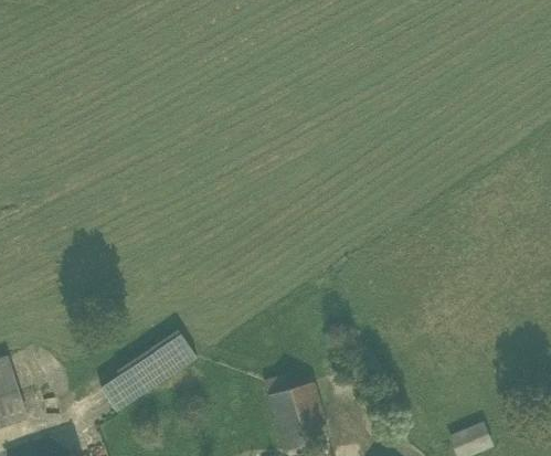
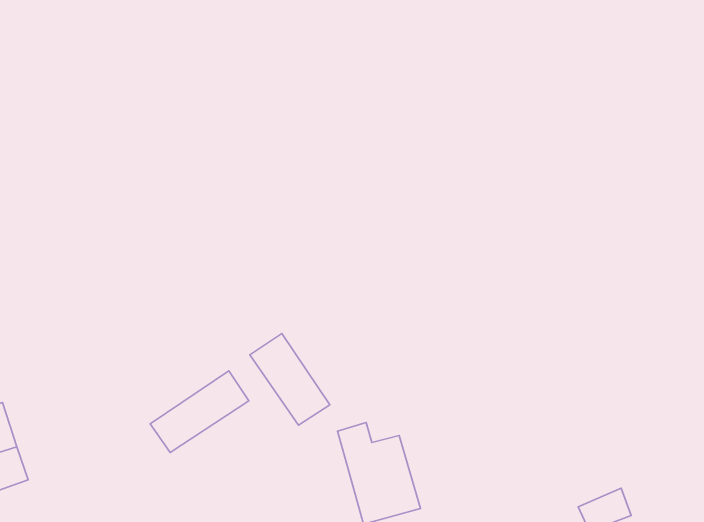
building: none -> [250,333,330,425]
building: [99,373,135,409] -> none

